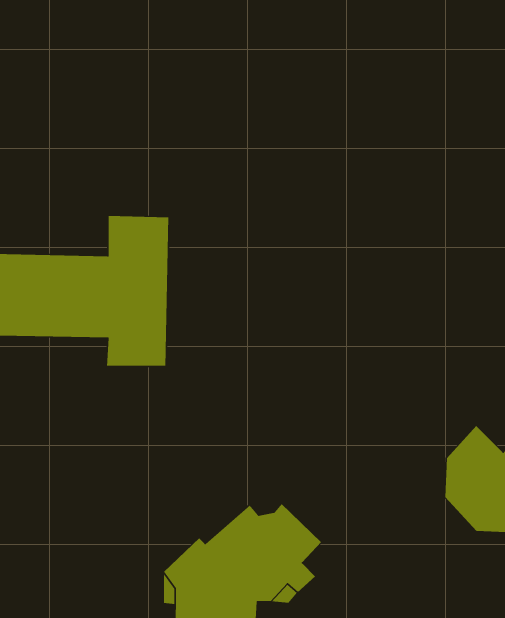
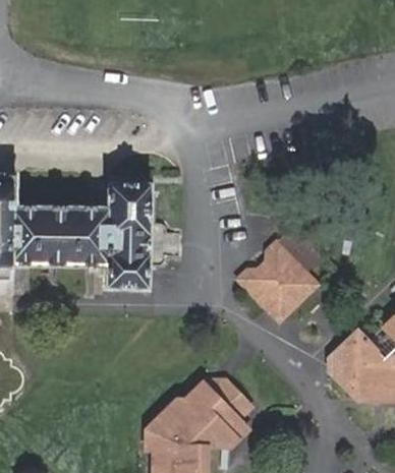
building: none -> [235,238,316,318]

